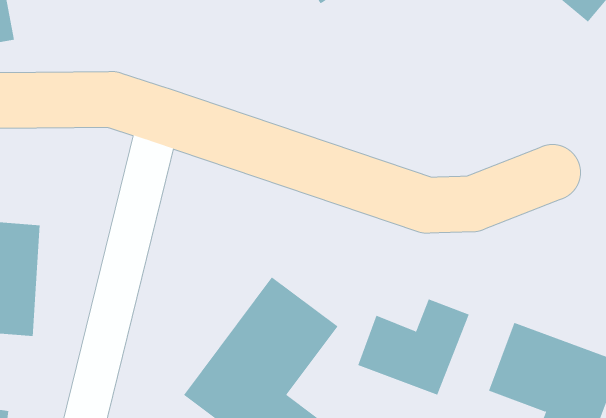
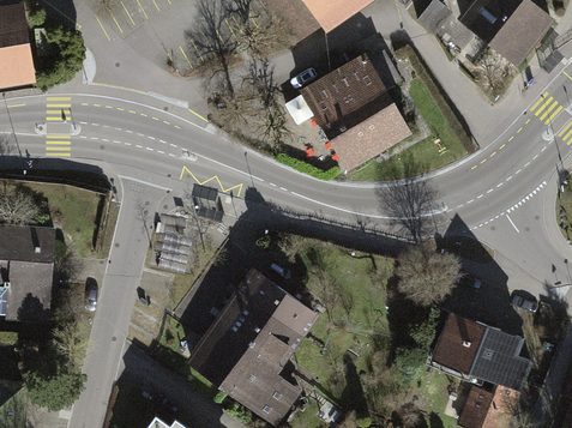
building: none -> [300,48,414,168]
building: [357,299,469,396] -> none

